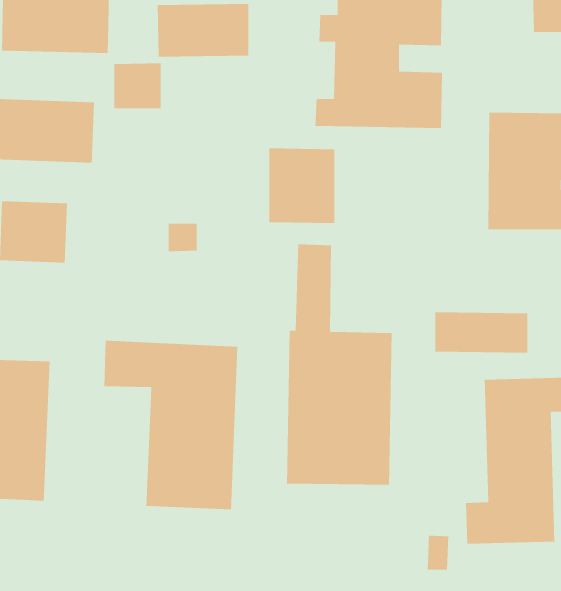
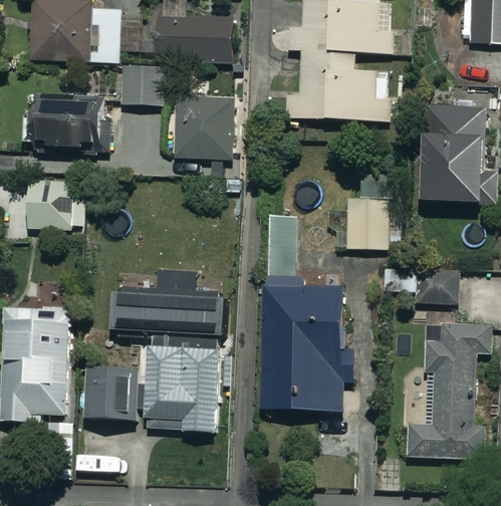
building: [269,147,335,224] -> [176,96,230,159]
building: none -> [346,198,388,249]
building: none -> [85,369,135,420]

